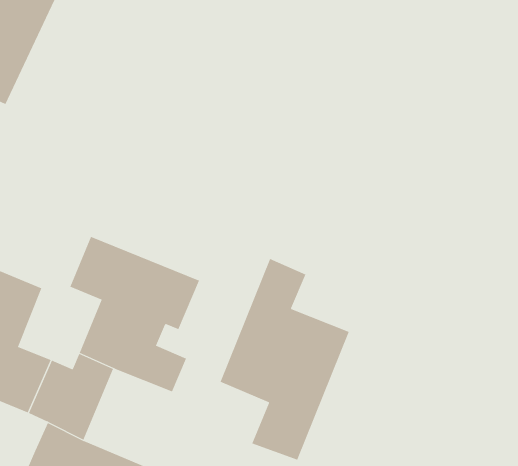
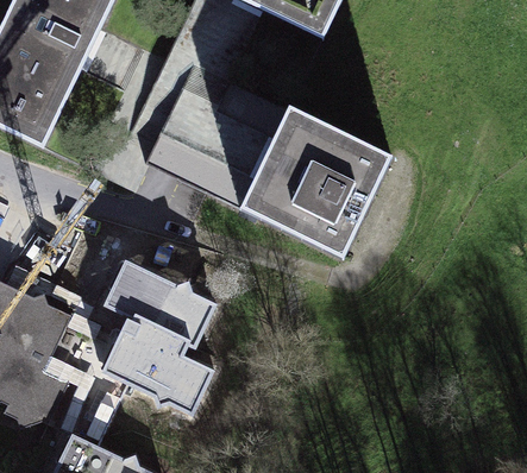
building: none -> [238,108,394,263]
building: [220,258,350,460] -> none

